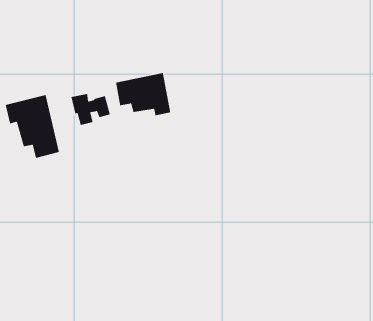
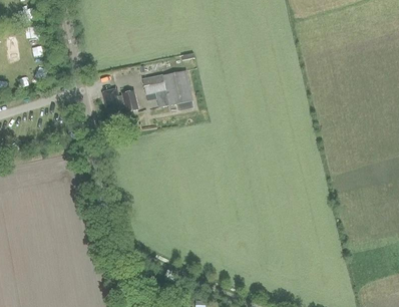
building: [5,94,60,159] -> none

